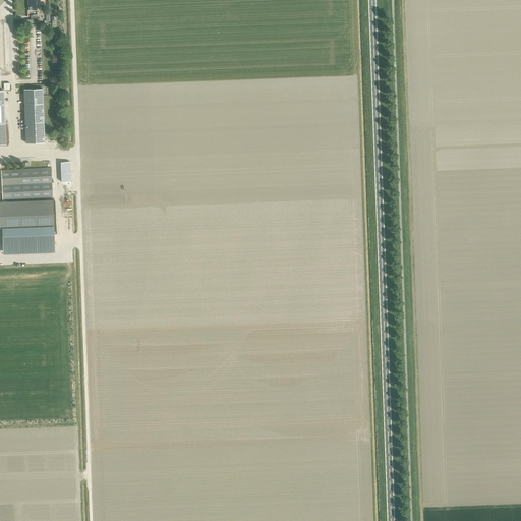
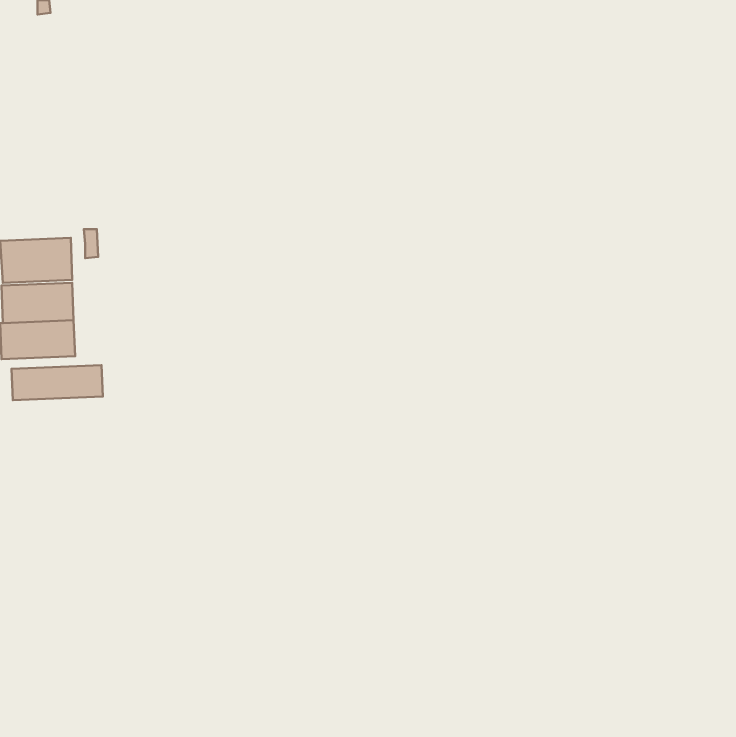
building: [22,89,44,142] -> none
building: none -> [11,365,103,400]

